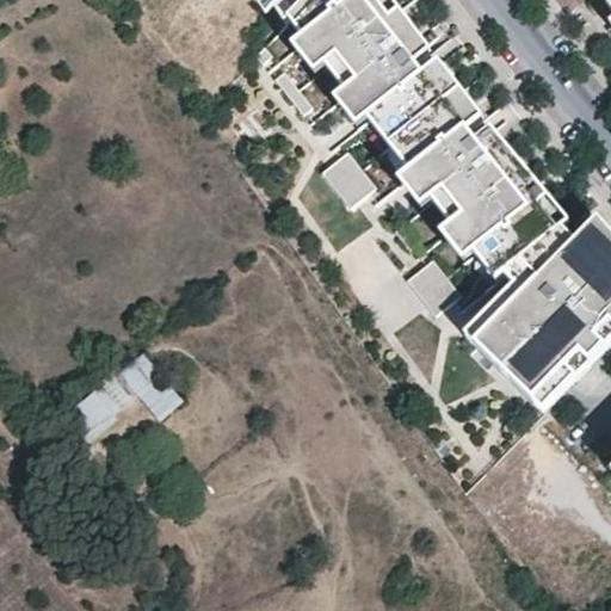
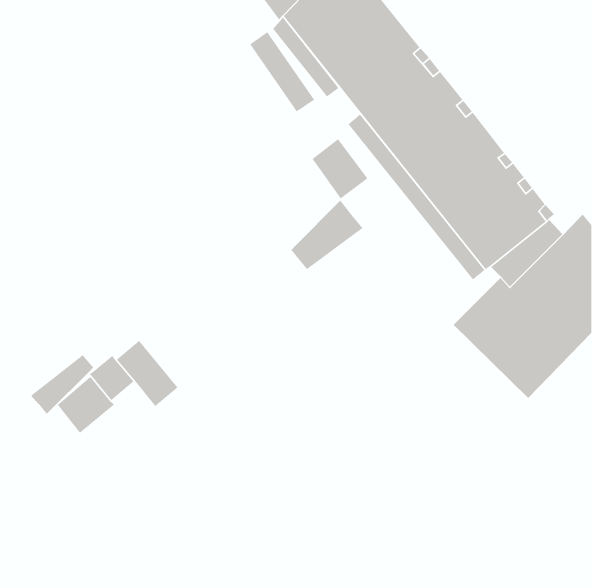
building: none -> [290,199,364,270]
building: none -> [30,354,95,415]

